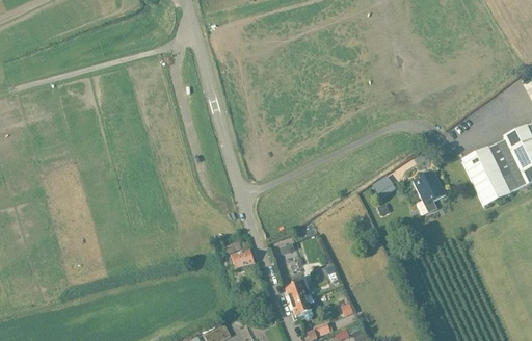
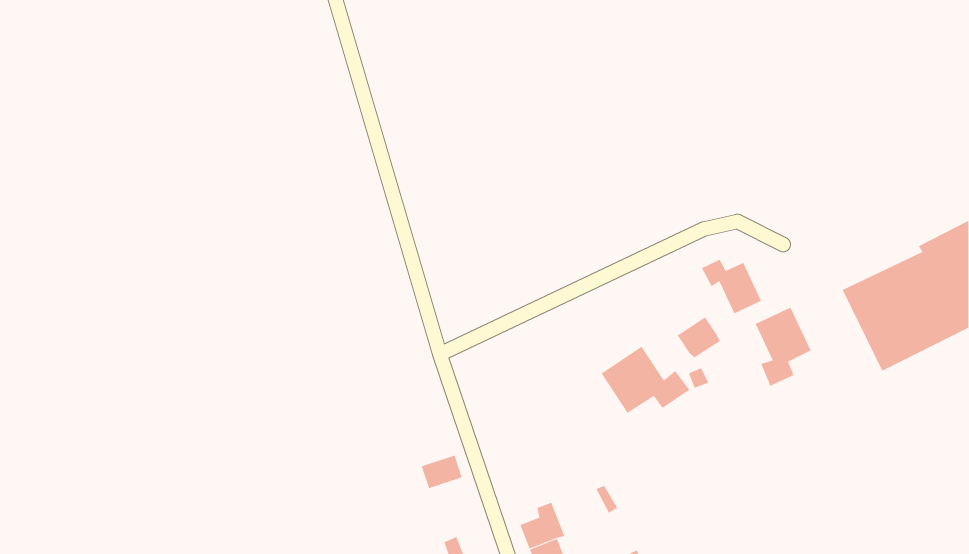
building: none -> [701,259,762,314]
building: none -> [601,346,690,414]

